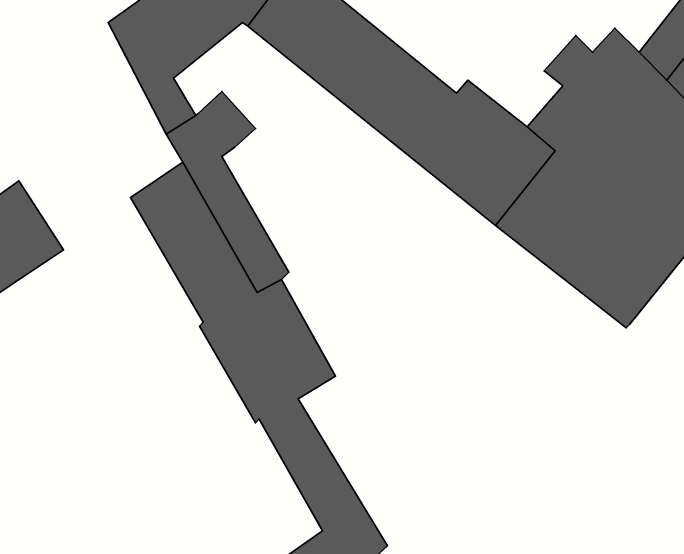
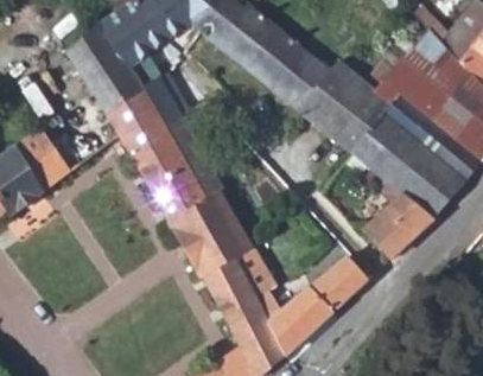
building: none -> [69,23,153,134]
building: none -> [362,190,436,257]
building: none -> [227,247,371,356]

